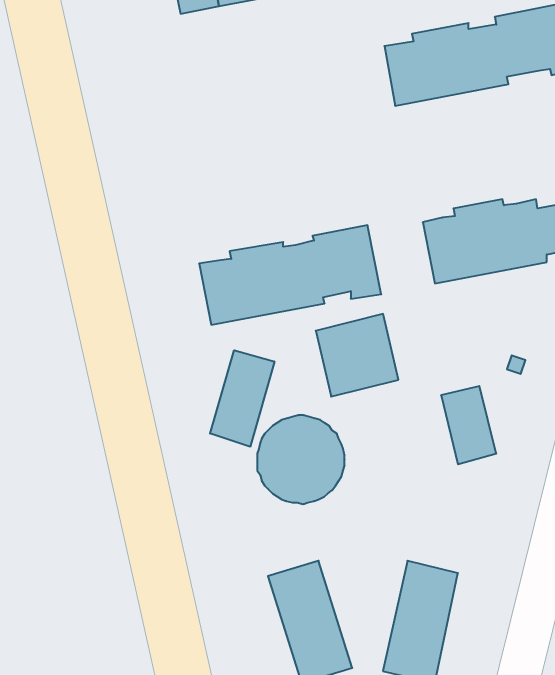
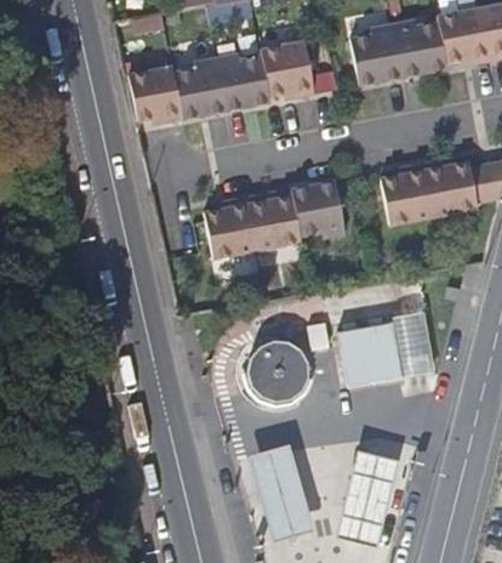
building: none -> [125,41,313,124]
building: [316,314,398,397] -> [338,322,404,387]
building: [210,350,274,447] -> none

